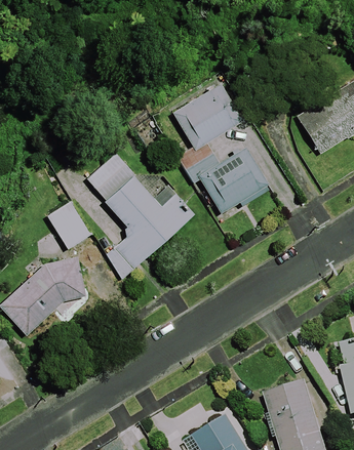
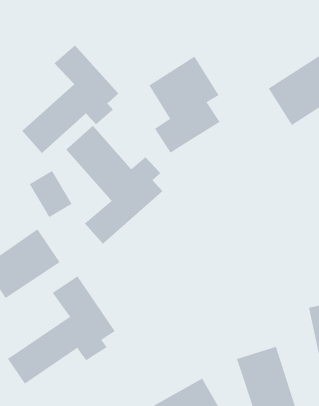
building: none -> [22,44,119,154]
building: [199,150,270,213] -> none
building: none -> [7,275,116,385]

